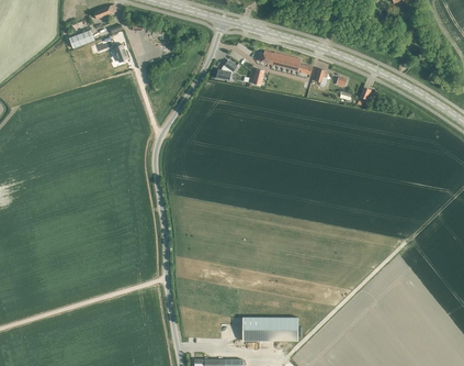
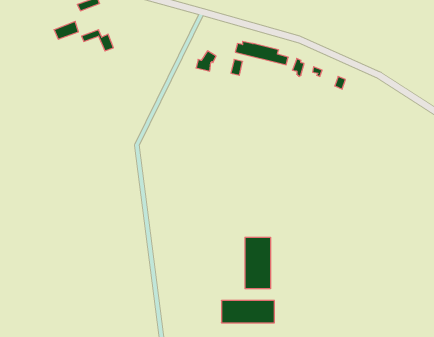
building: none -> [245,237,270,289]

